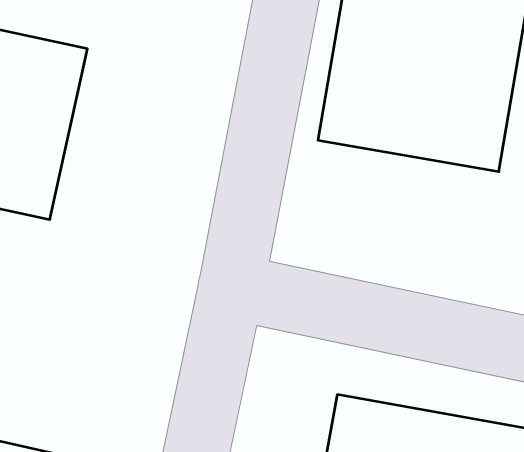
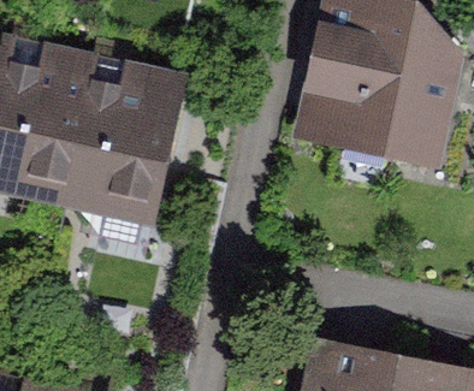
building: none -> [79,64,186,218]

